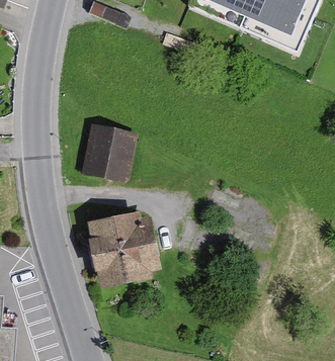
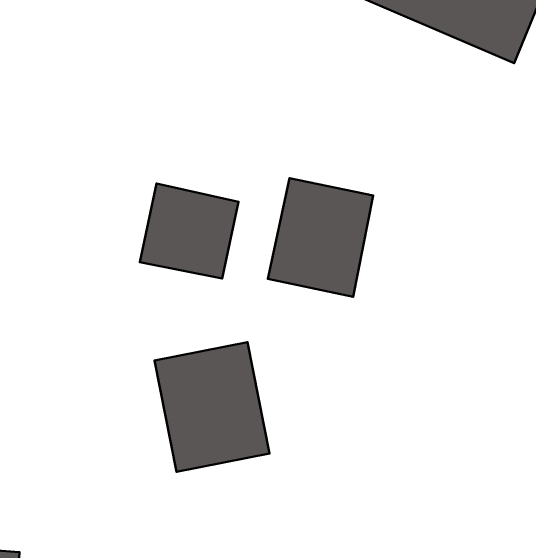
building: none -> [268,178,373,297]

